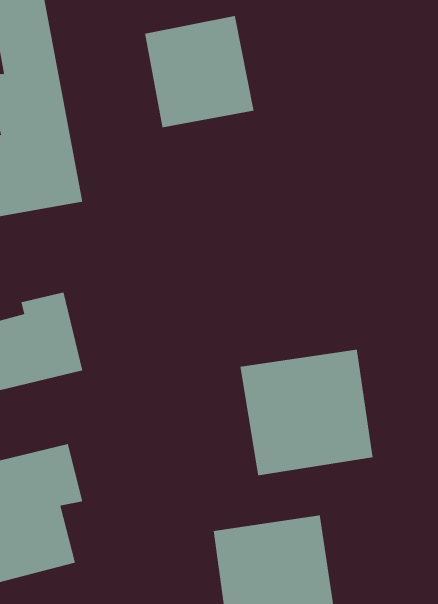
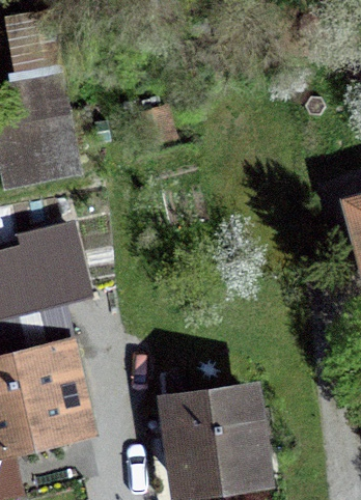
building: [145,15,254,128] -> none
building: [240,349,373,476] -> none

